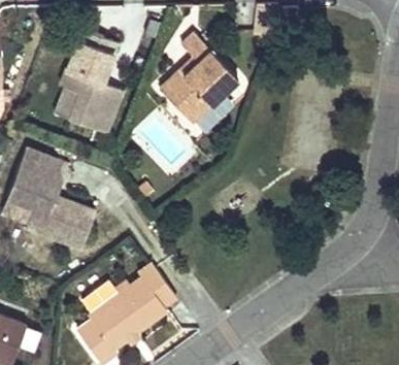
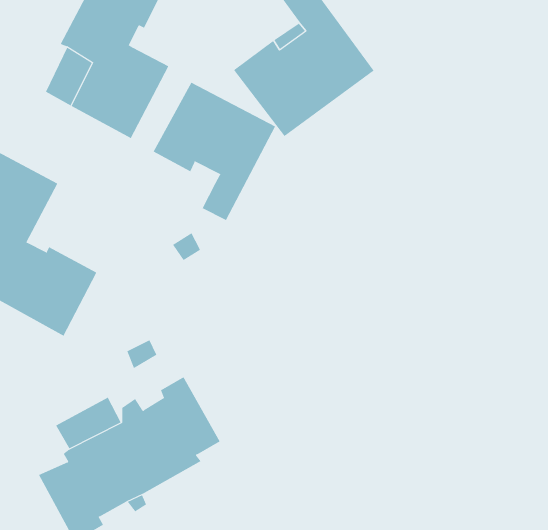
building: none -> [153,82,276,221]

